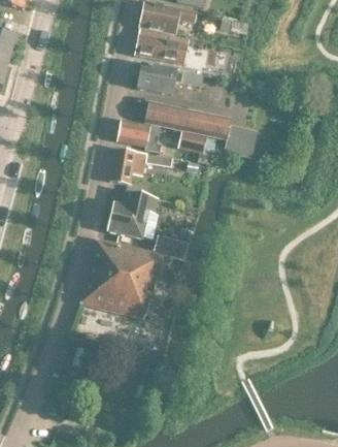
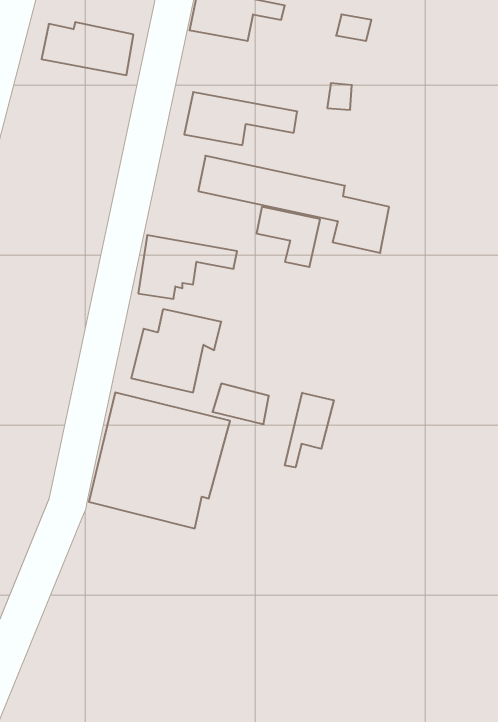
building: [133,31,187,62] -> [42,22,133,75]
building: [116,118,160,151] -> none
building: none -> [285,393,334,467]

